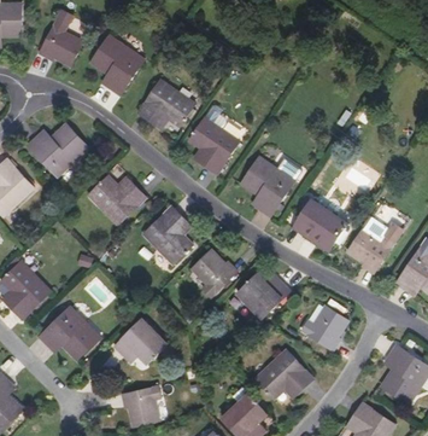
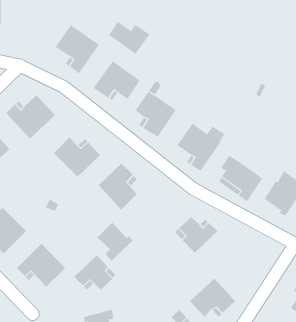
building: [36,11,82,68] -> none
building: none -> [108,21,150,55]
building: [190,249,236,298] -> [97,222,134,262]
building: [301,304,348,351] -> none

